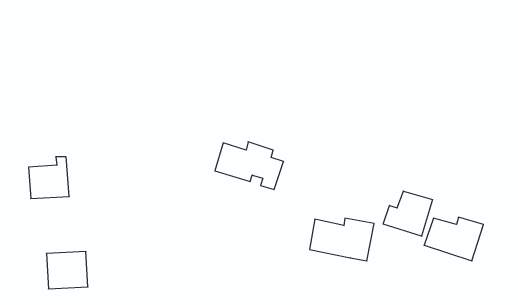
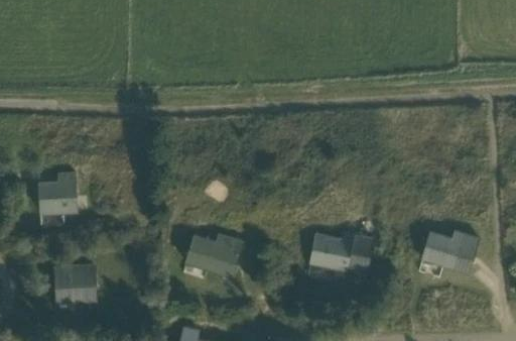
building: [215,142,284,190] -> [185,235,252,281]
building: [383,191,432,236] -> none

